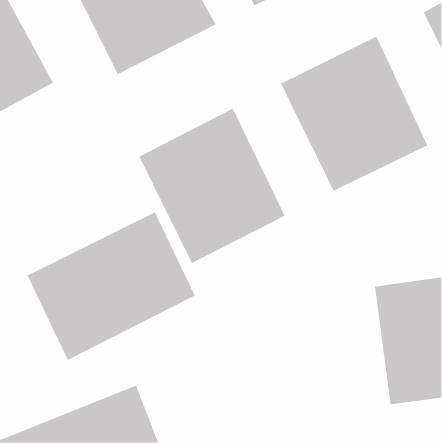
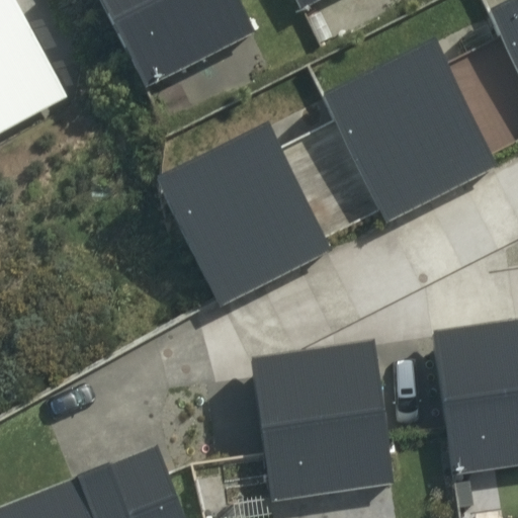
building: [27,211,196,361] -> none
building: none -> [251,344,396,500]

